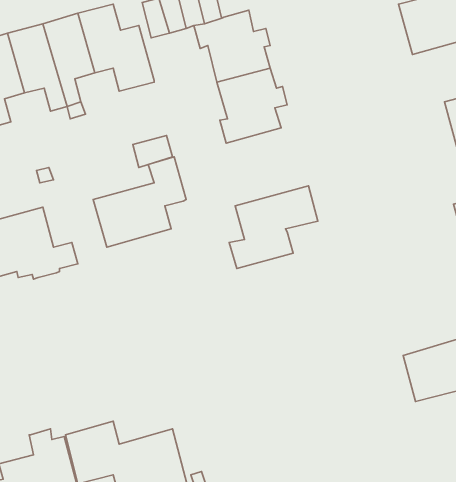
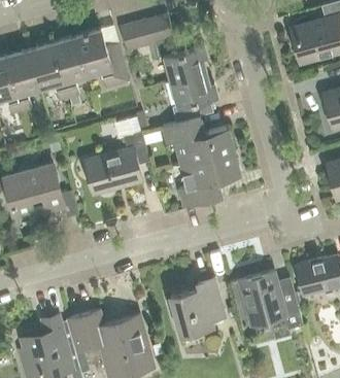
building: none -> [162,117,232,165]
building: none -> [240,271,303,330]
building: none -> [170,278,225,334]

